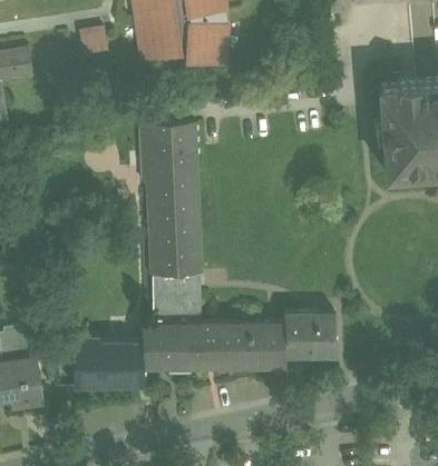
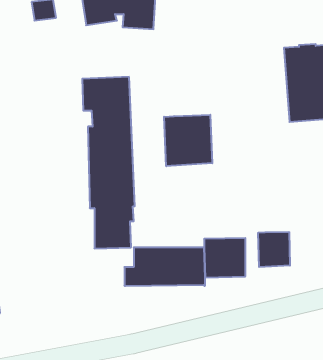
building: none -> [164,115,212,166]
building: none -> [258,232,290,267]
building: [72,325,201,390] -> none

